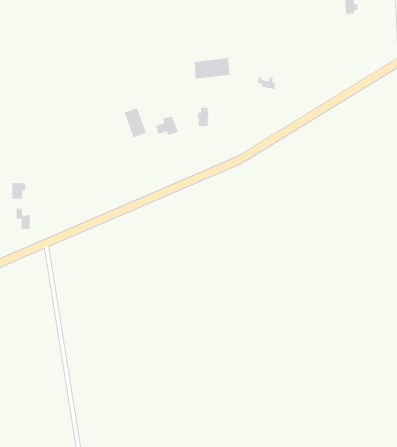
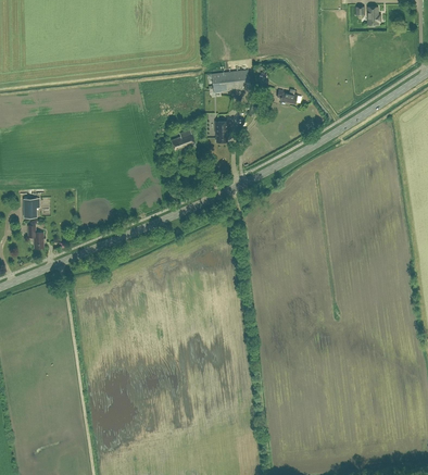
building: [124,107,147,139] -> none

